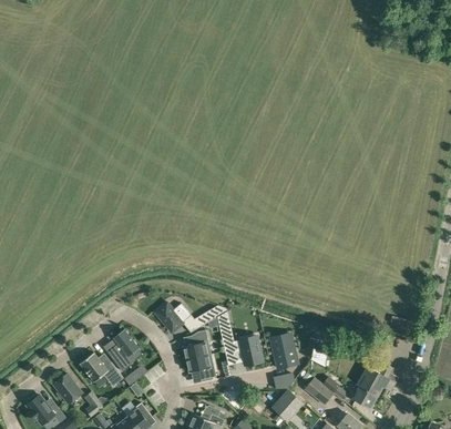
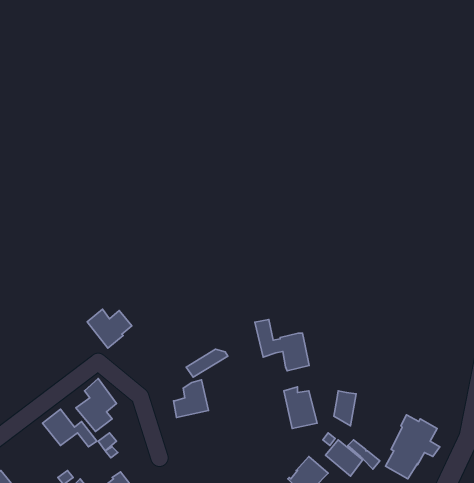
building: [154,302,189,333] -> [87,309,132,348]
building: [218,325,262,366] -> [255,319,309,371]
building: [185,354,215,380] -> none
building: [52,374,82,404] -> none

